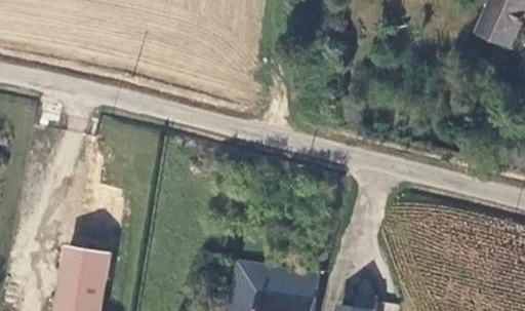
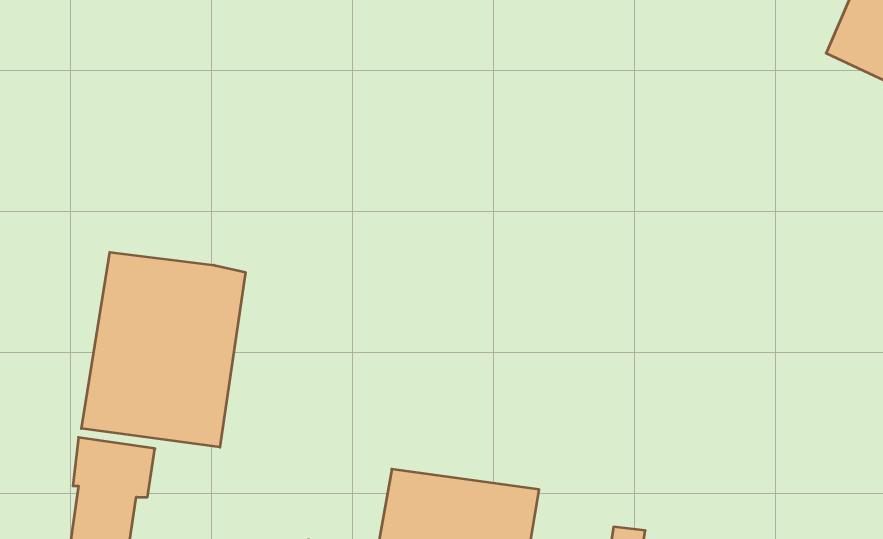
building: none -> [81,252,245,447]

